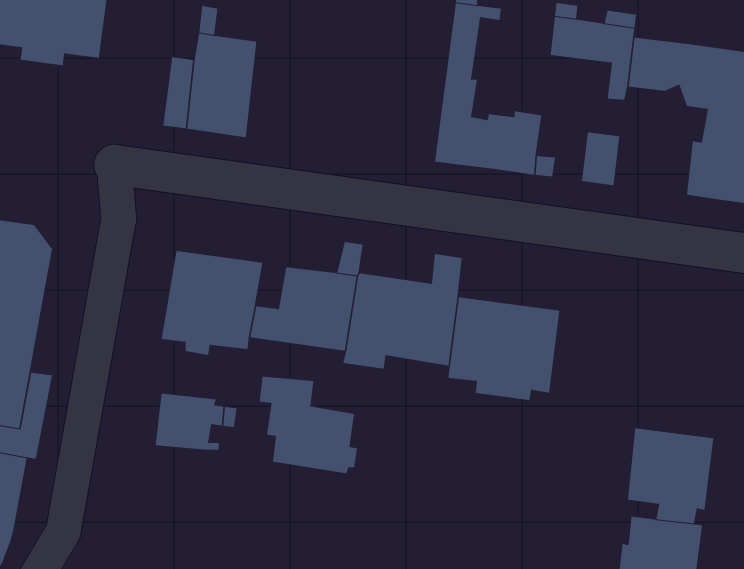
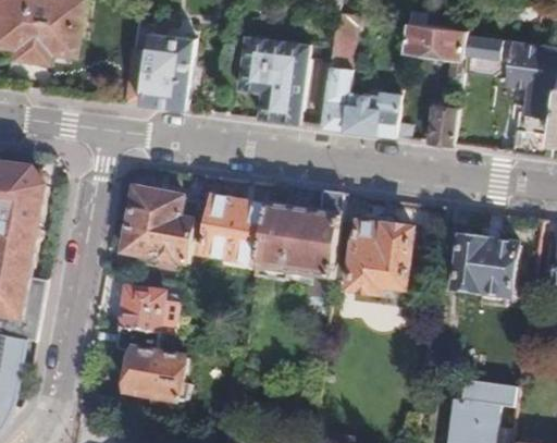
building: none -> [236,33,309,121]
building: [259,376,358,474] -> [115,330,187,401]
building: [627,428,714,524] -> [454,238,517,308]

